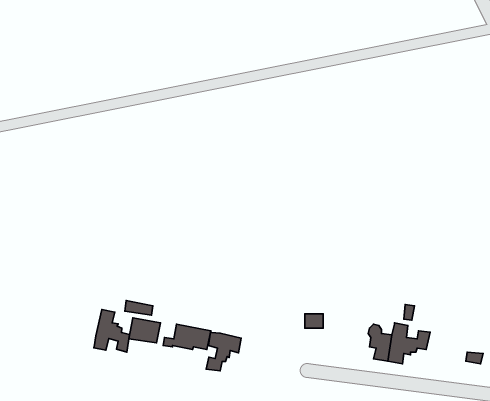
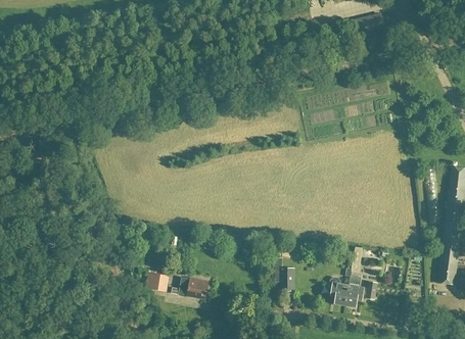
building: [94,310,130,352] -> none
building: [206,332,241,371] -> none

